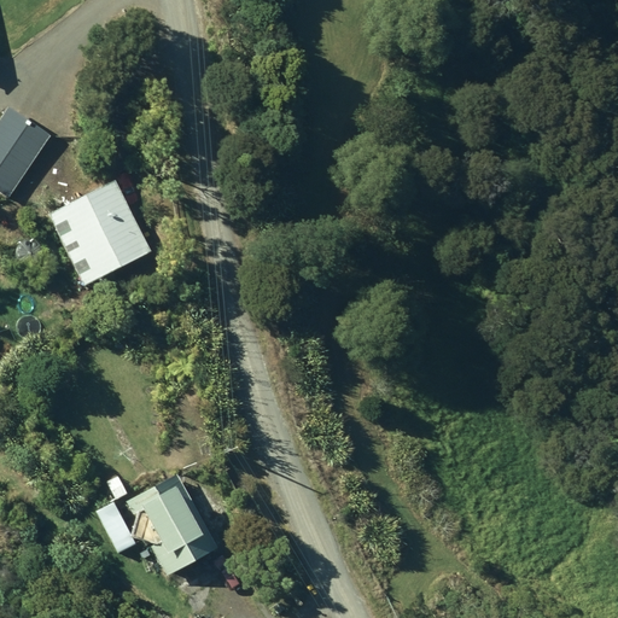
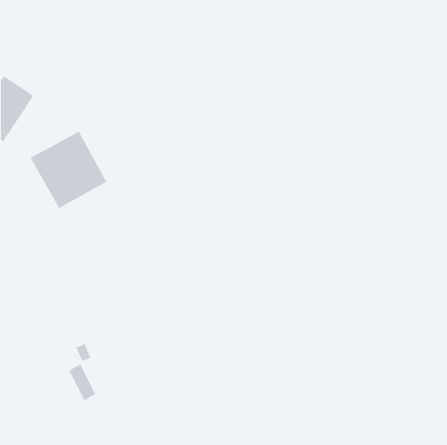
building: [124,473,217,576] -> none

